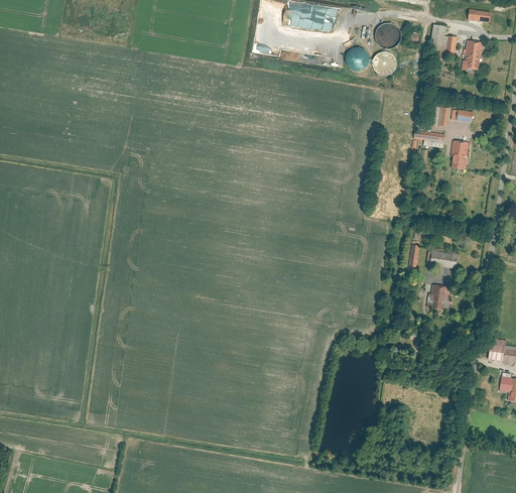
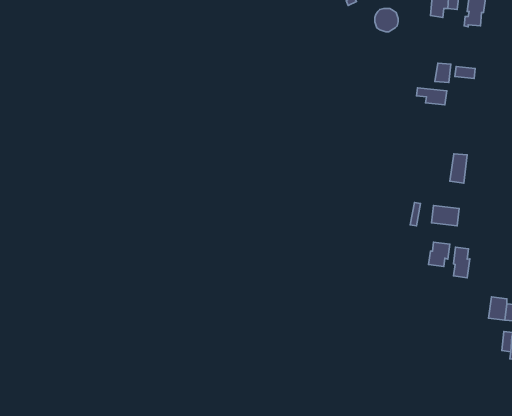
building: [346,48,369,72] -> none
building: [450,141,468,170] -> [450,154,467,183]
building: none -> [453,247,470,278]

